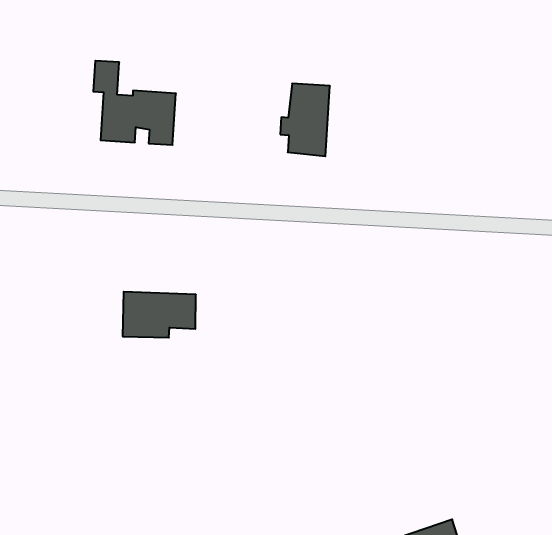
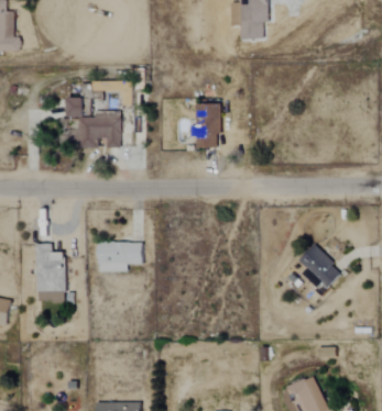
building: none -> [34,243,65,302]
building: none -> [299,246,341,291]

